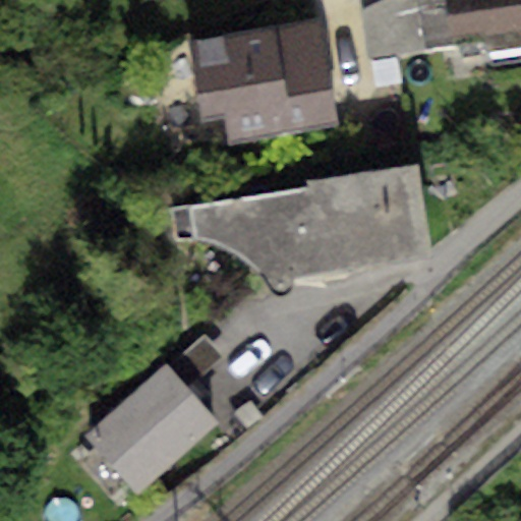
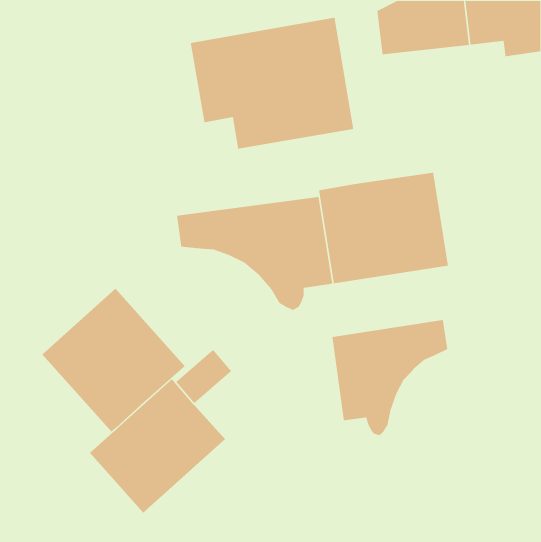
building: none -> [42,288,185,432]
building: none -> [331,319,448,436]

